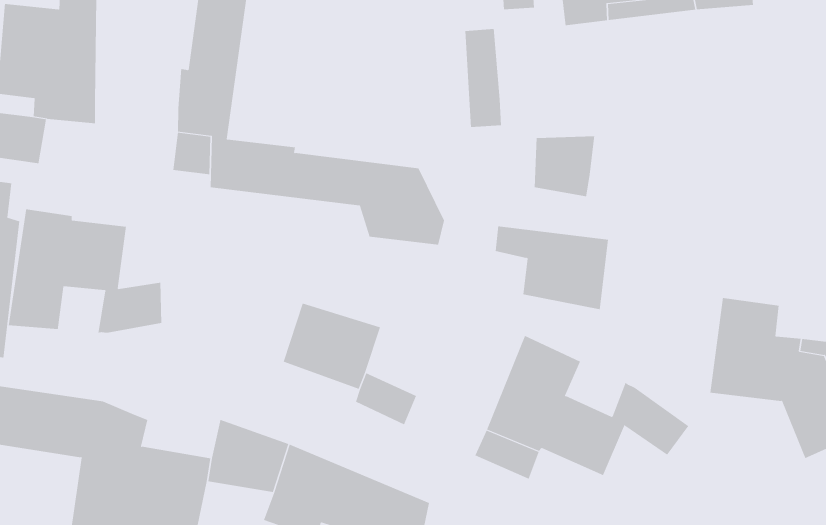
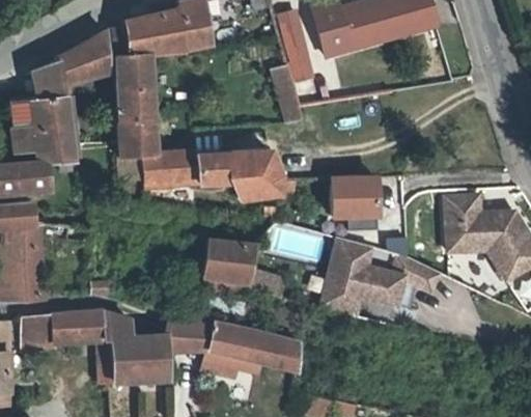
building: [534,135,595,197] -> none
building: [8,209,162,333] -> none

